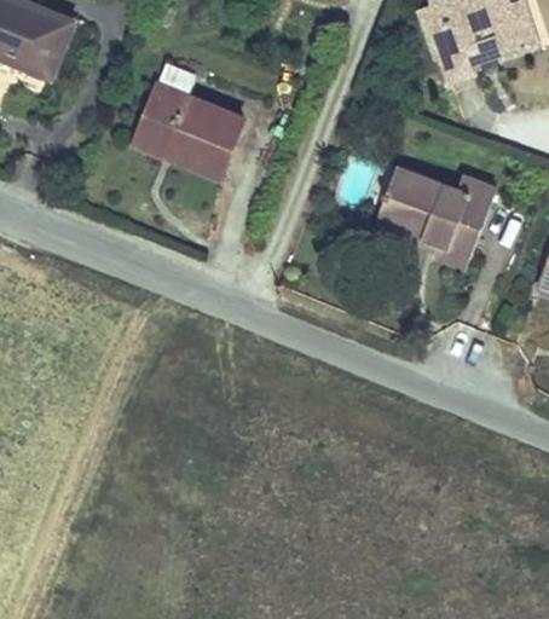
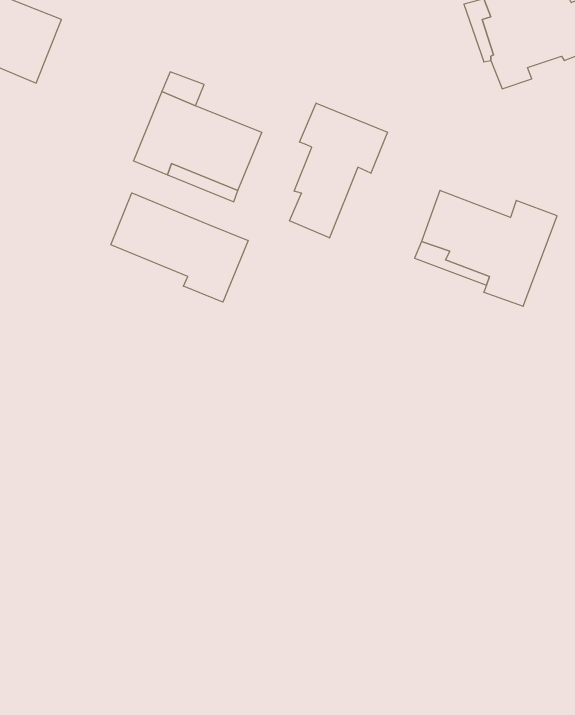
building: none -> [290,103,388,238]
building: none -> [111,193,248,302]

